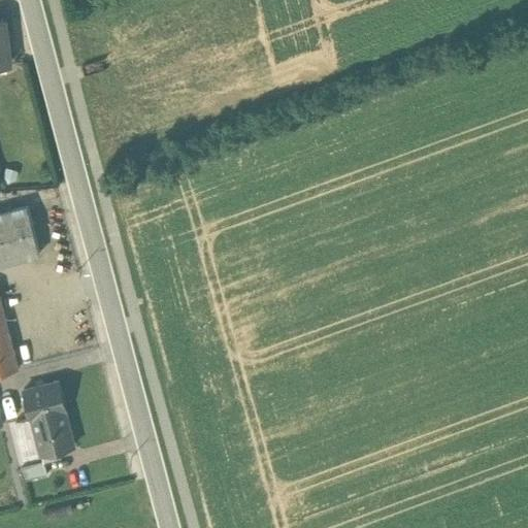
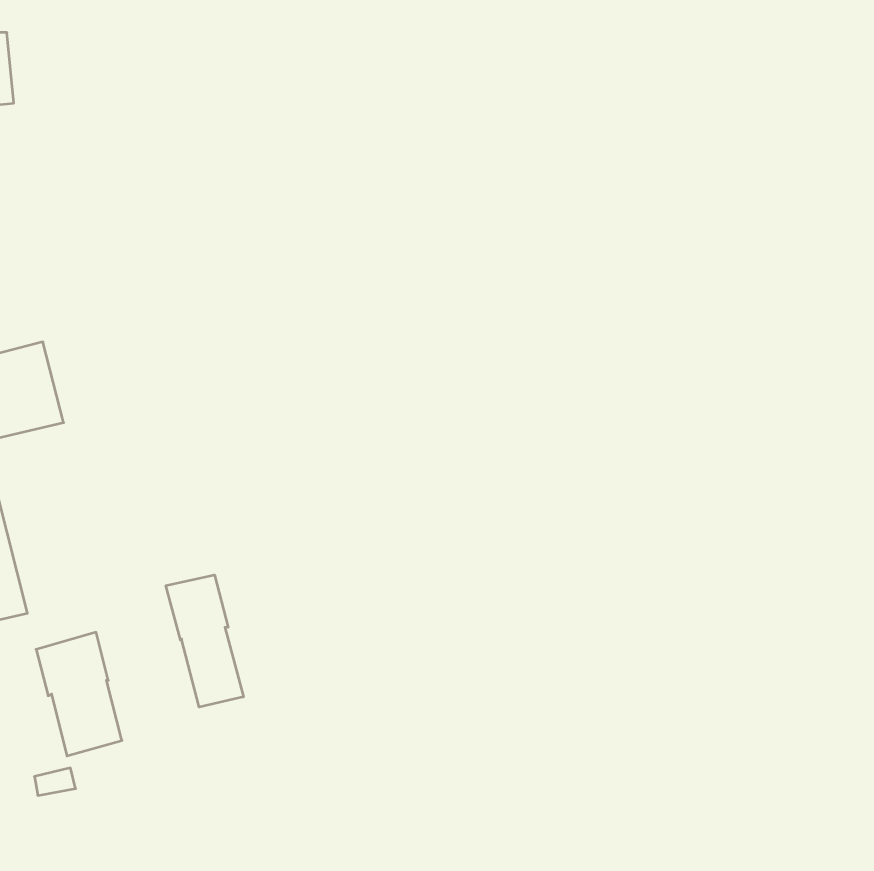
building: none -> [166,575,243,707]

